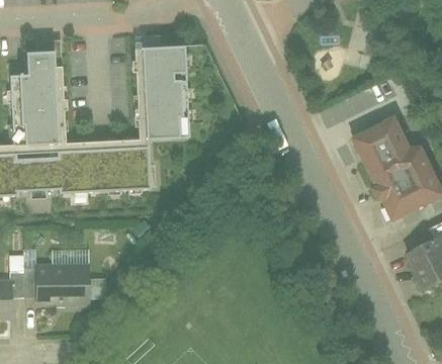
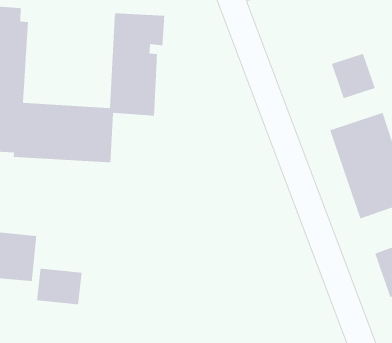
building: none -> [331,53,376,99]
building: none -> [36,268,83,305]

